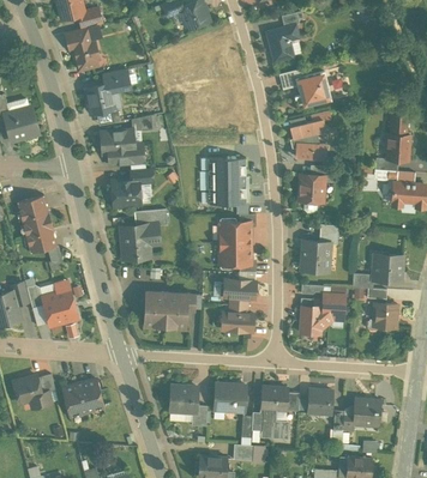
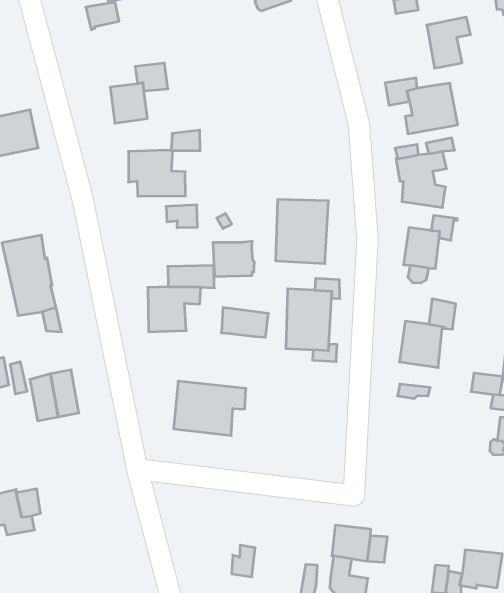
building: [266,25,297,62] -> [427,17,471,68]
building: [72,41,97,69] -> none
building: [110,180,140,206] -> [213,241,254,277]
building: [223,279,255,298] -> [221,307,269,337]
building: [300,295,343,334] -> none
building: [221,313,253,332] -> none
building: [62,379,102,417] -> none
building: [214,383,245,412] -> none
building: [169,386,197,413] -> none
building: [306,389,332,413] -> none

